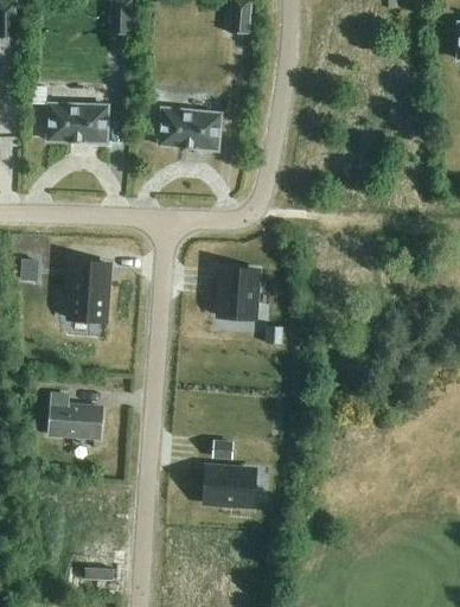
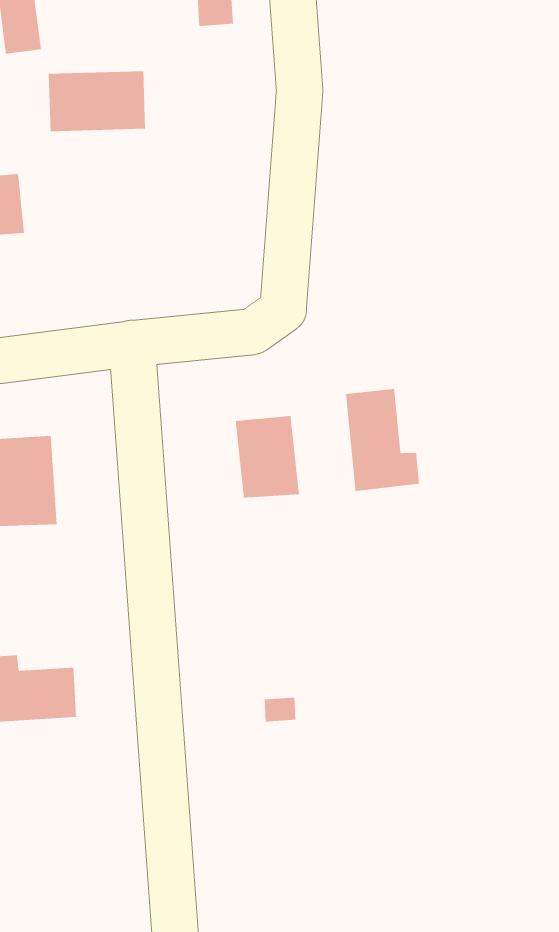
building: [160,108,222,149] -> [48,70,146,132]
building: none -> [345,388,420,492]
building: [205,466,255,504] -> none

